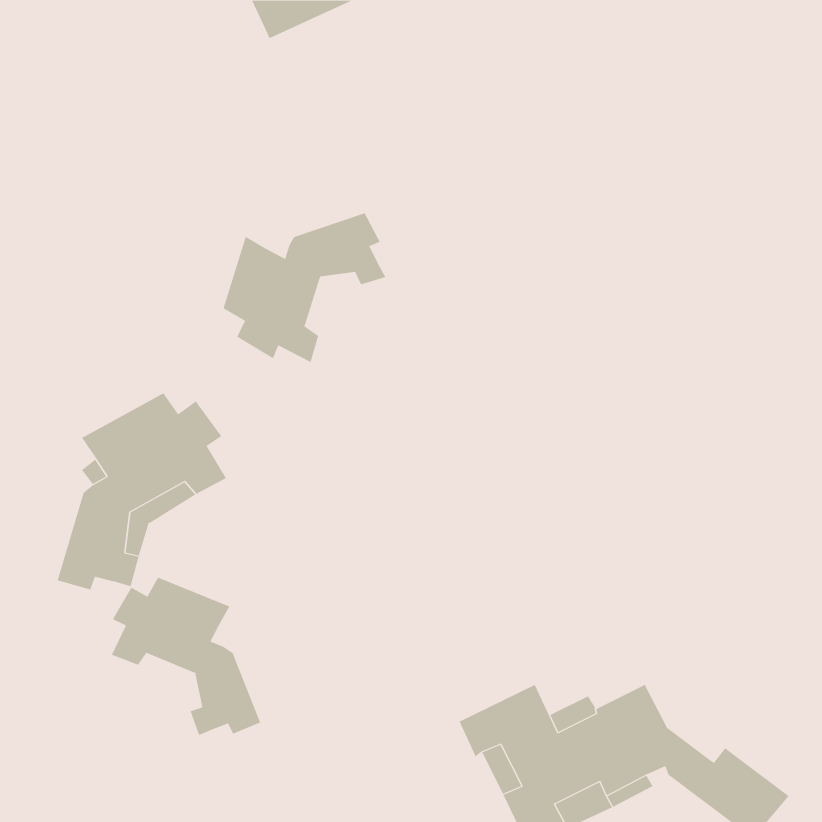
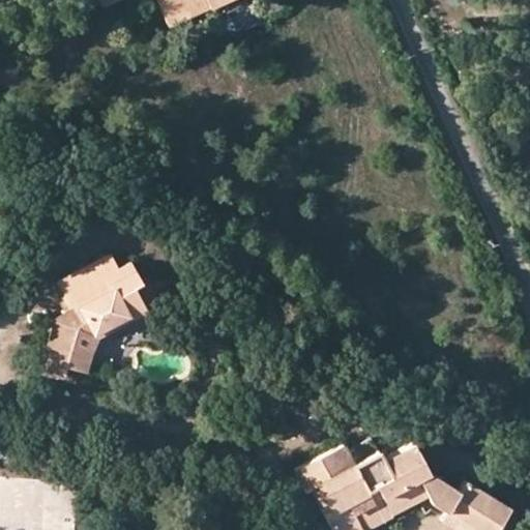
building: [223,213,386,363] -> none
building: [111,577,261,736] -> none

